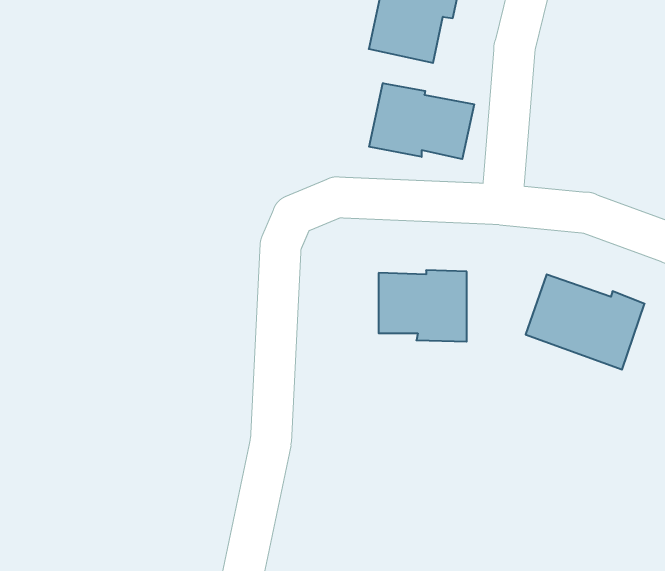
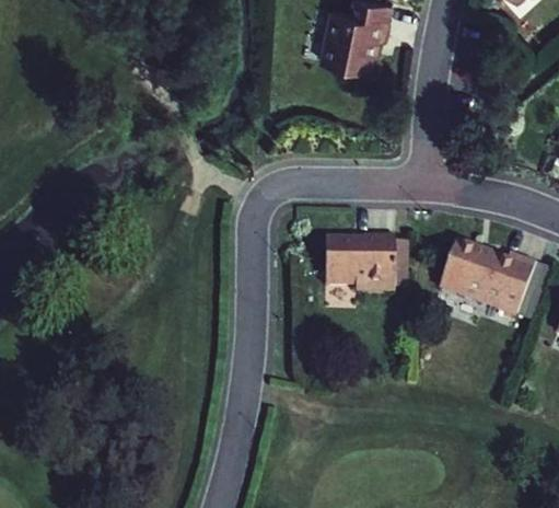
building: [369,83,474,159] -> none

